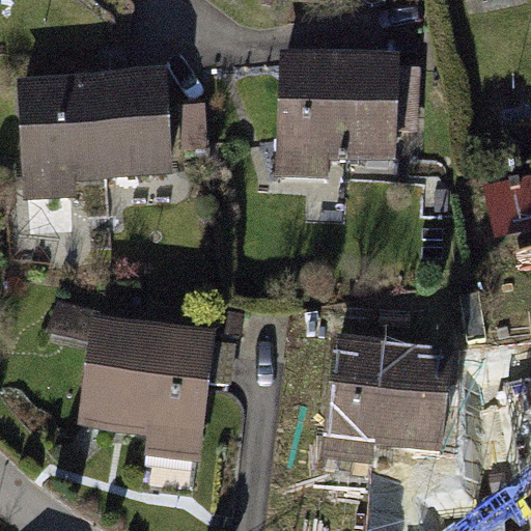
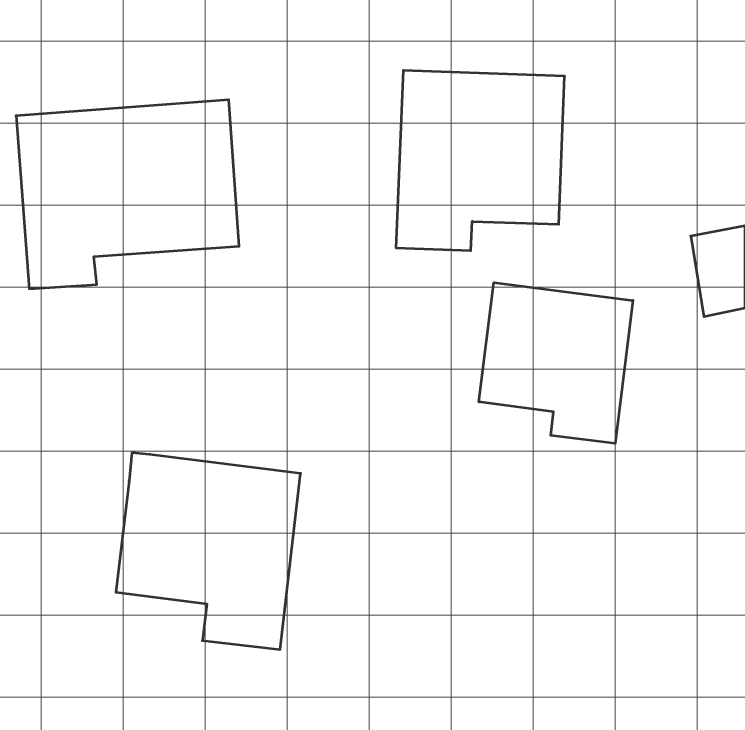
building: none -> [479,283,633,443]
building: [320,332,452,463] -> none

